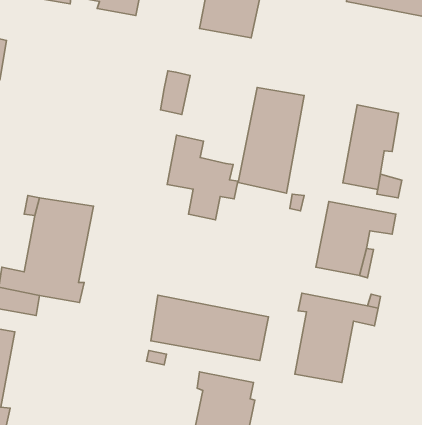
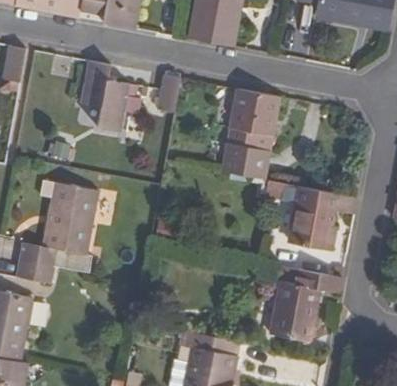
building: [343,105,398,189] -> none
building: [167,135,238,220] -> [79,60,139,132]
building: [151,295,269,361] -> none

